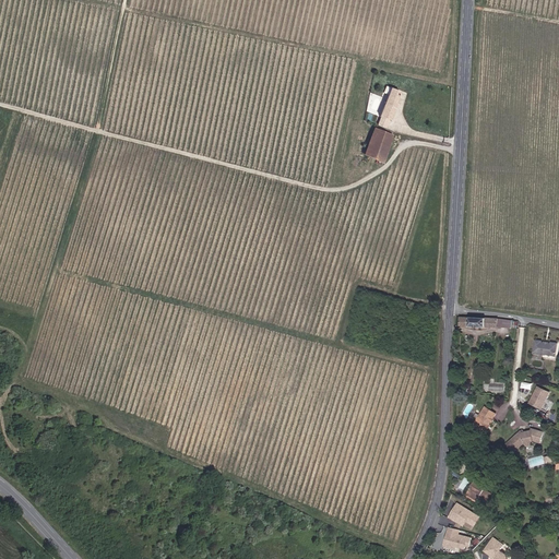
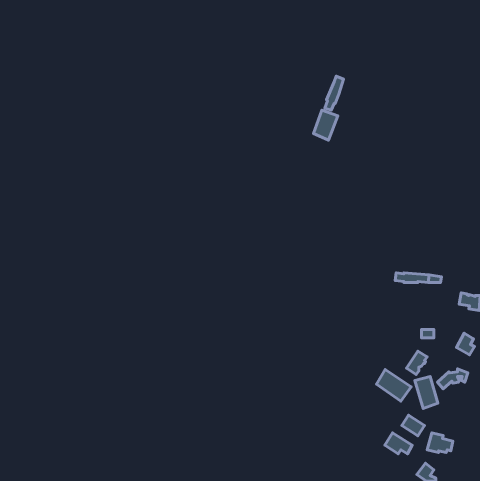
building: none -> [376,369,411,401]
building: none -> [415,376,438,409]
building: [441,526,471,549] -> [427,433,453,453]

